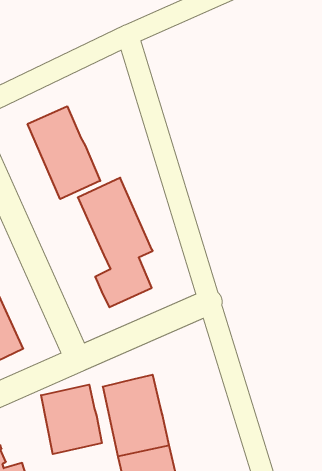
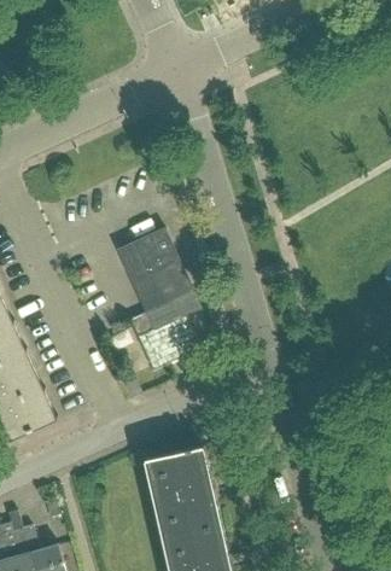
building: [28,106,100,199] -> none
building: [41,385,102,454] -> none

